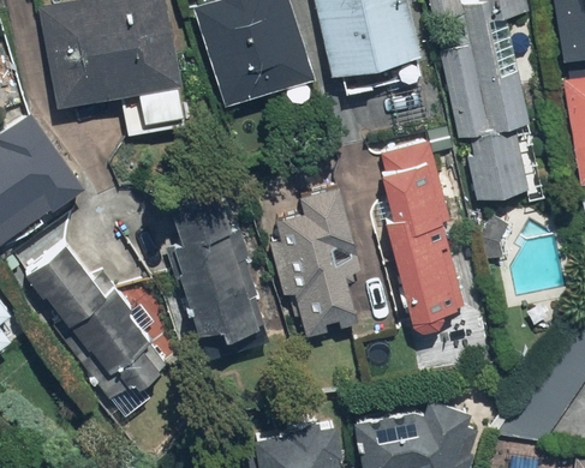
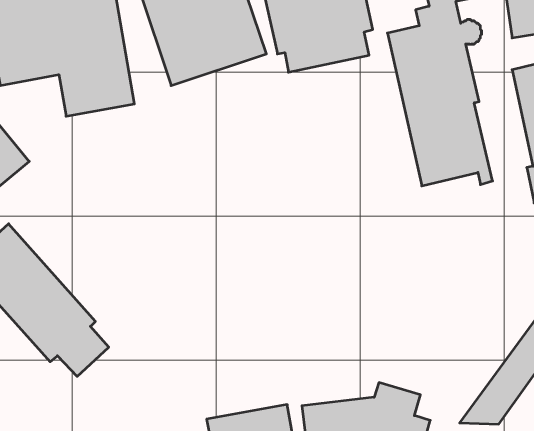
building: [378,151,460,320] -> none
building: [279,182,370,334] -> none
building: [160,184,269,340] -> none

